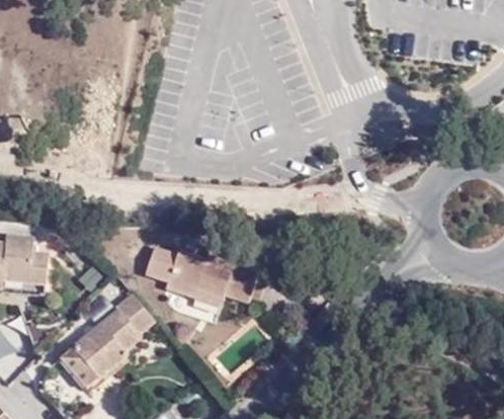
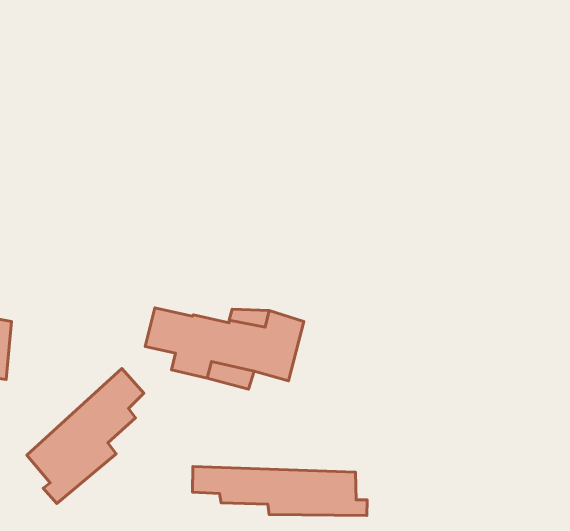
building: none -> [192,467,367,515]

